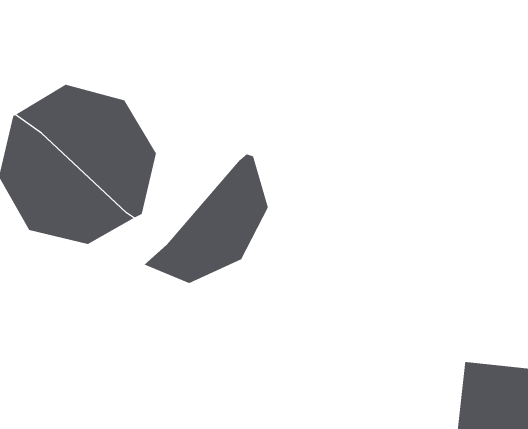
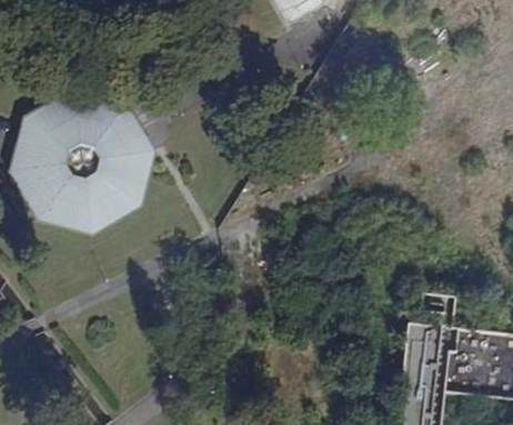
building: [143,154,268,284] -> none

